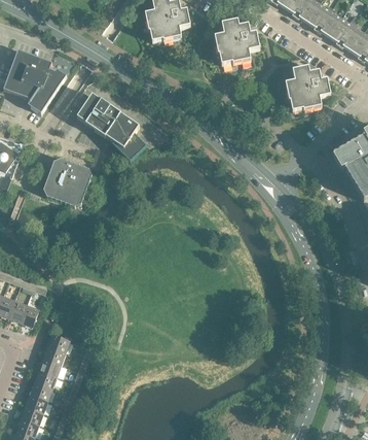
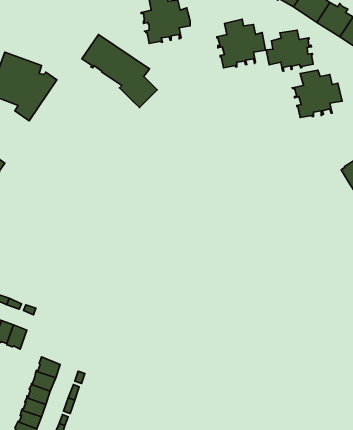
building: none -> [266,30,313,71]
building: [77,94,147,162] -> [82,35,157,108]
building: [43,158,91,206] -> none

